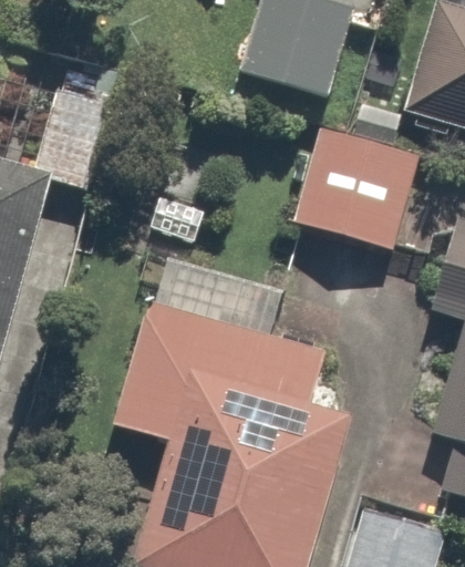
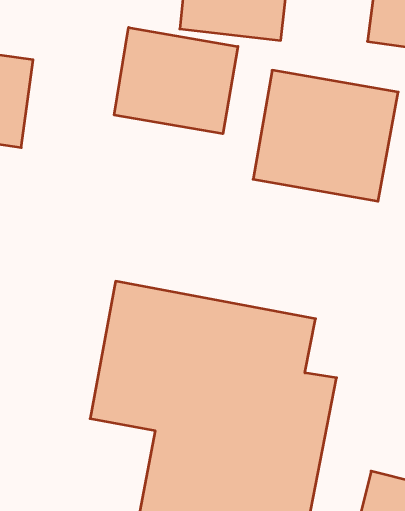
building: none -> [114,27,238,134]

